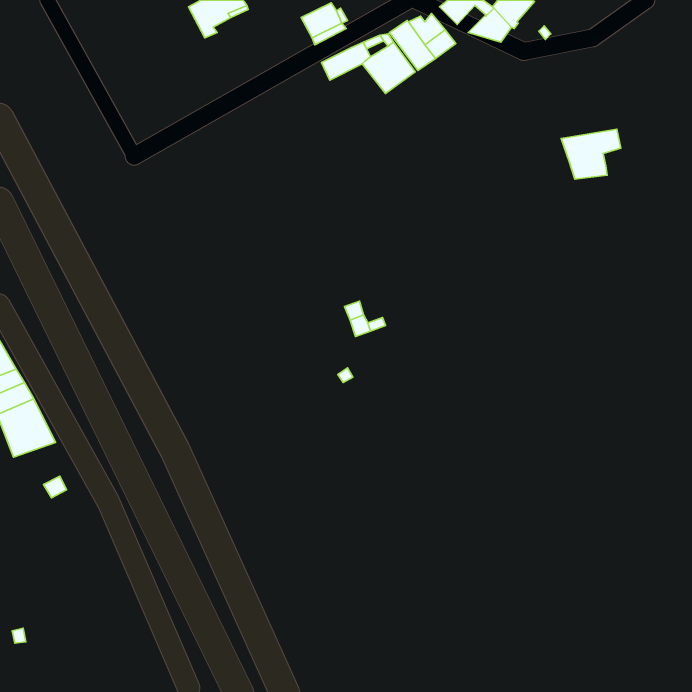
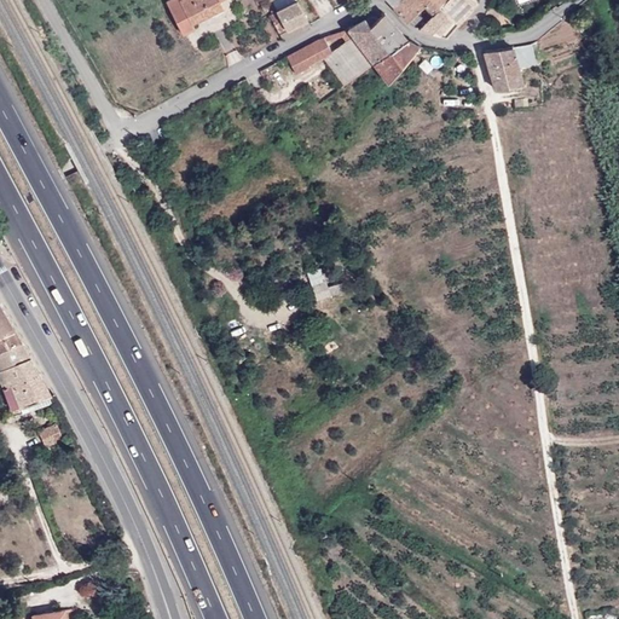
building: none -> [372,40,418,85]
building: [561,129,621,179] -> [481,45,534,89]

